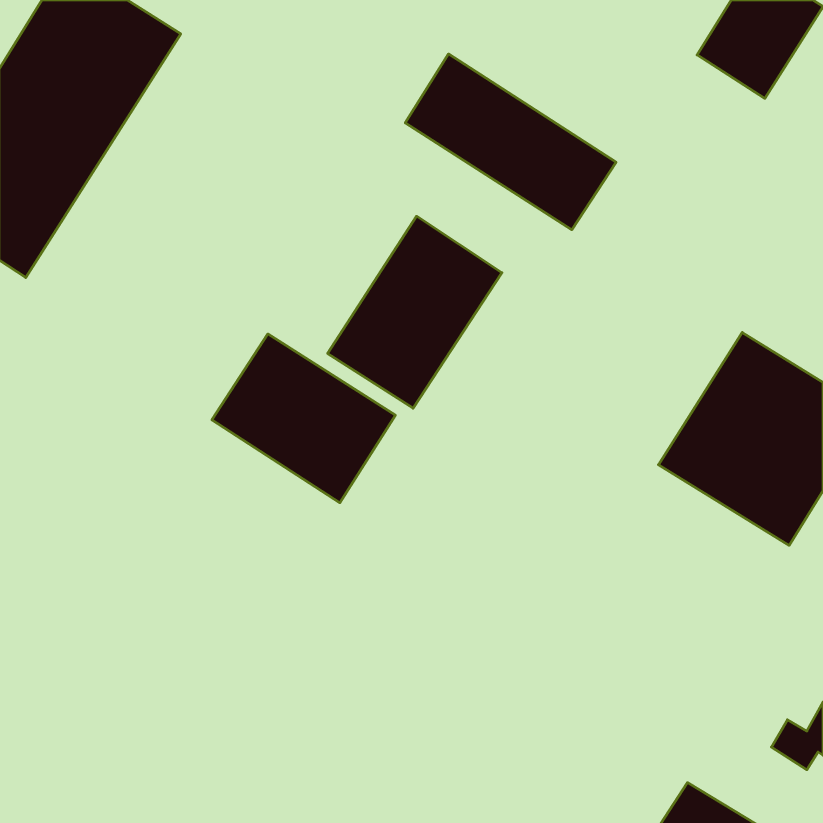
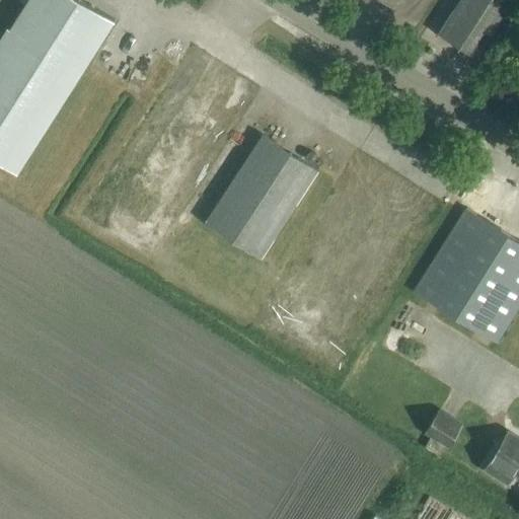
building: [405,54,616,230] -> none
building: [212,334,395,503] -> none
building: none -> [424,414,462,452]

